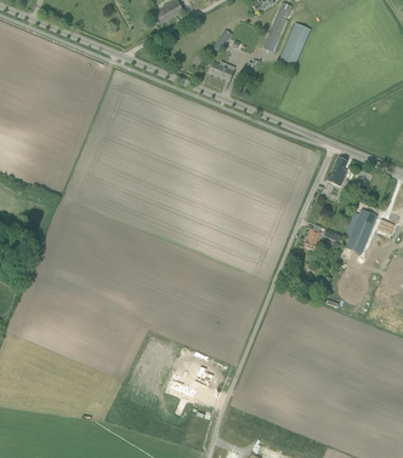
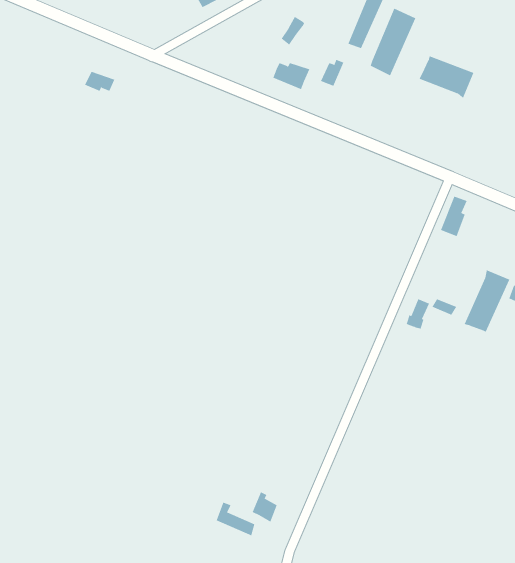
building: none -> [419,56,474,99]

